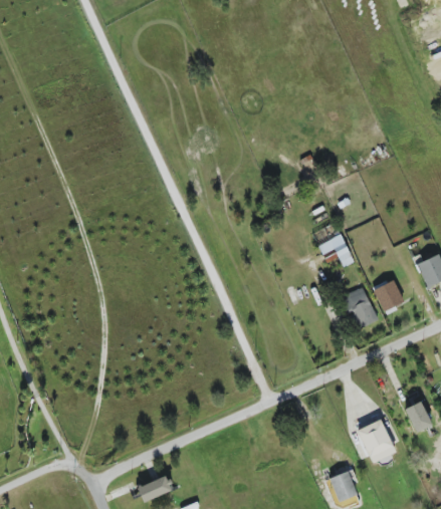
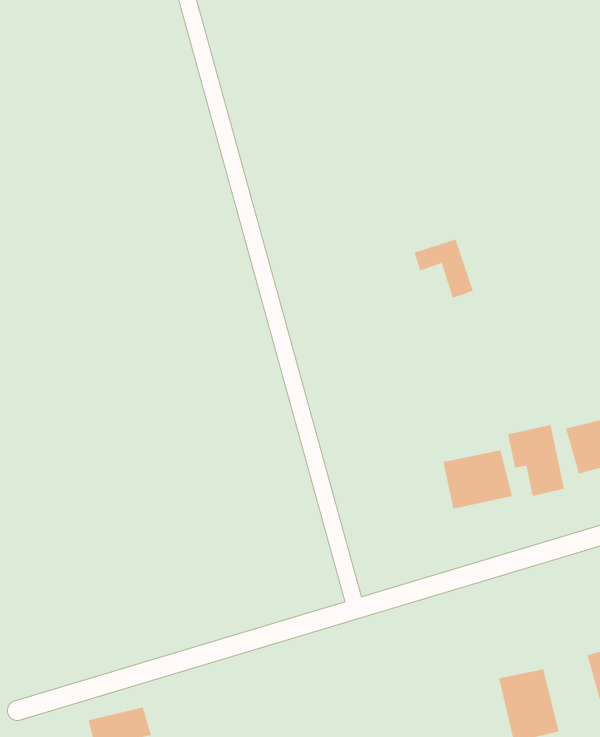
building: [318,234,355,267] -> [414,239,474,299]
building: none -> [443,449,513,510]

